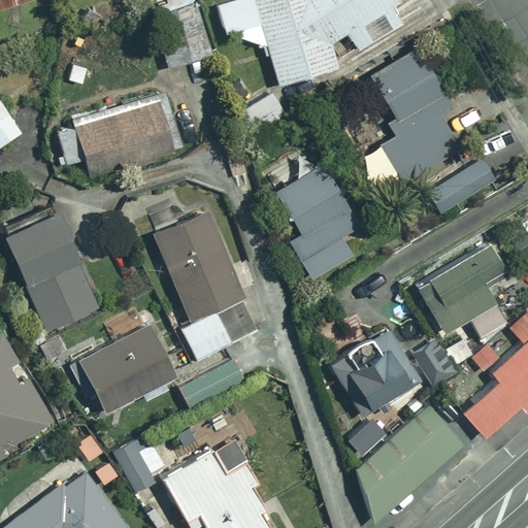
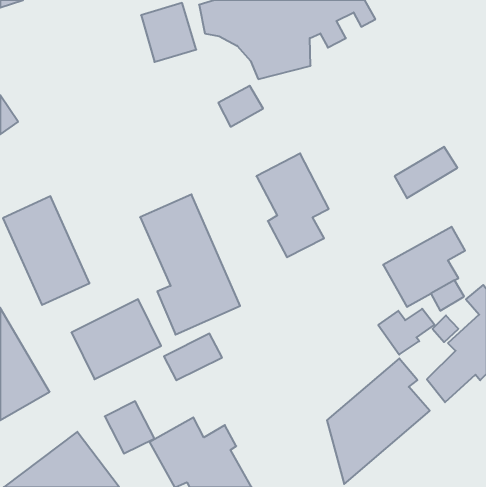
building: [370,47,465,185] -> none
building: [59,101,178,174] -> none
building: [329,334,422,418] -> none

